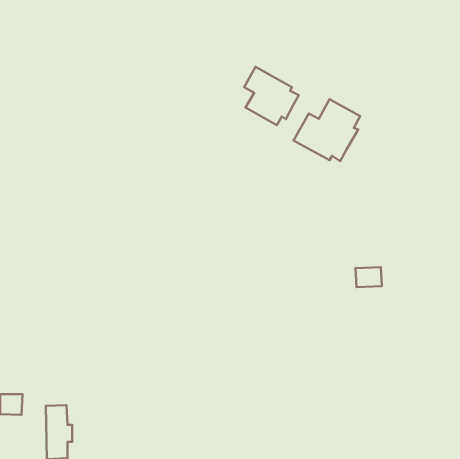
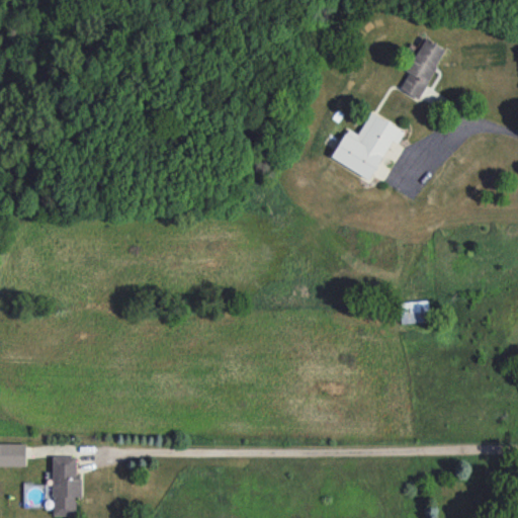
building: none -> [400,38,446,100]
building: [244,67,299,125] -> none

